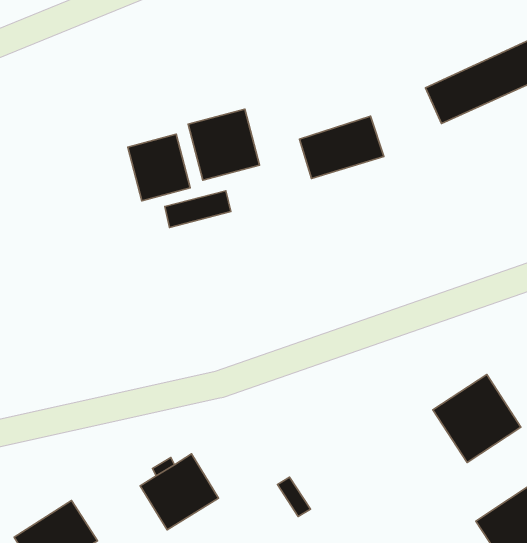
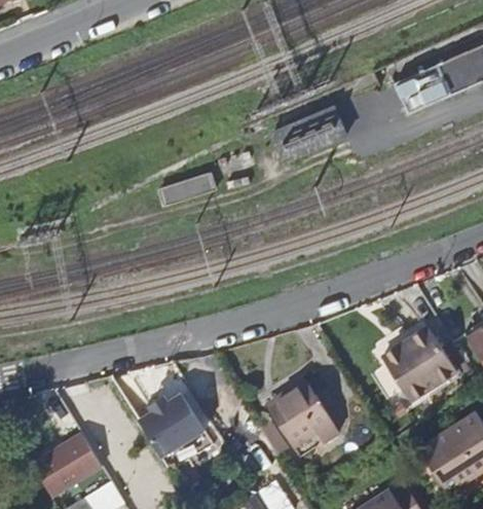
building: [188,109,259,180] -> none
building: [128,134,190,201] -> none
building: none -> [269,383,347,457]

